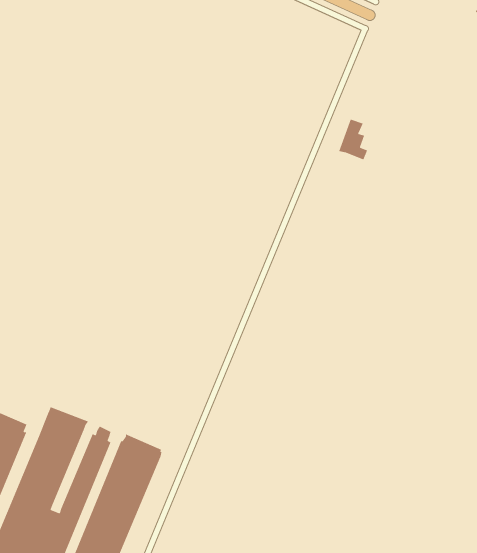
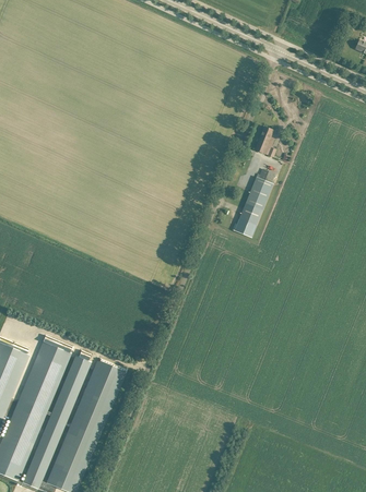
building: none -> [239,169,274,226]

